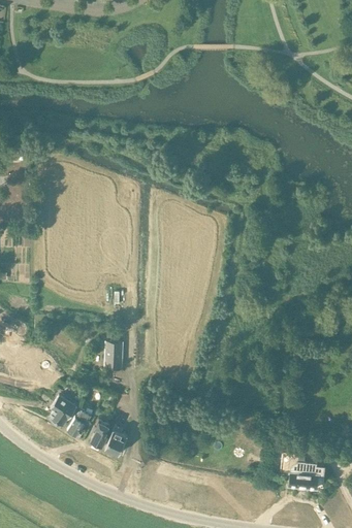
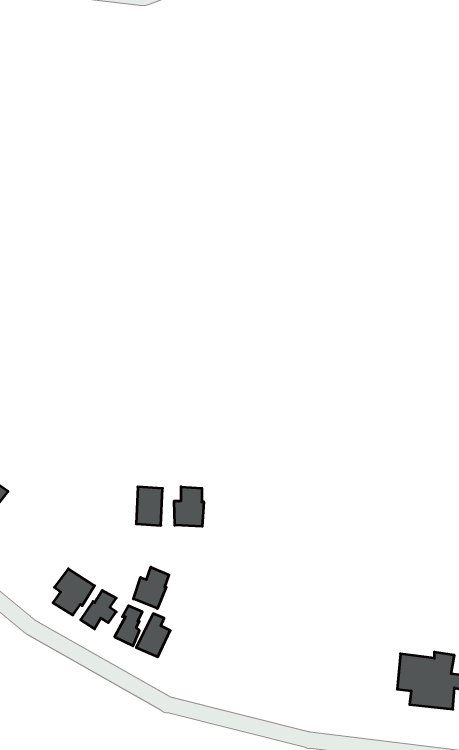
building: none -> [174,487,204,526]
building: none -> [133,567,169,609]

